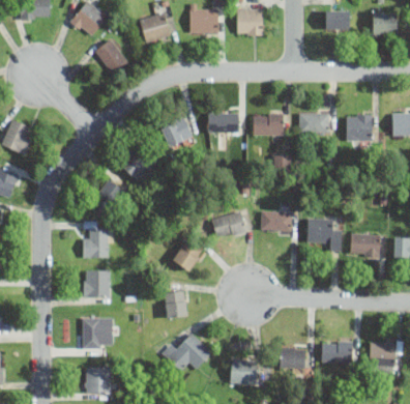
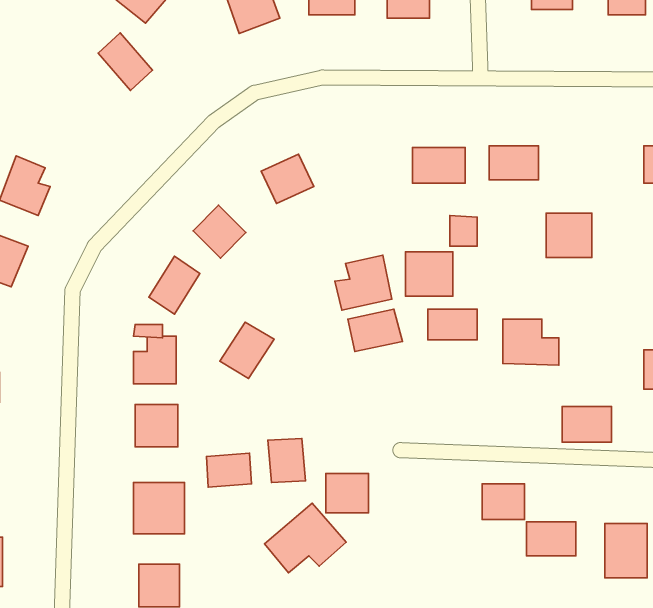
building: [95,39,128,75] -> [98,33,152,91]
building: [208,113,240,134] -> none
building: [346,114,374,141] -> [546,213,592,257]
building: none -> [406,252,453,296]
building: none -> [335,255,392,310]
building: [351,234,381,256] -> [562,407,612,442]
building: [172,237,205,271] -> [220,322,274,378]
building: none -> [206,453,251,487]
building: [280,347,305,369] -> [482,484,525,519]
building: [231,360,257,384] -> [326,474,369,513]

